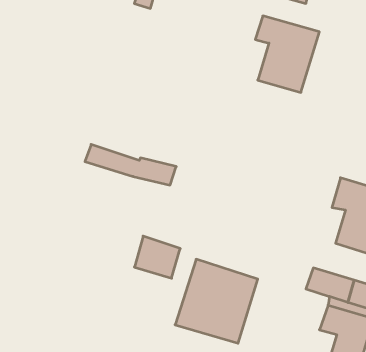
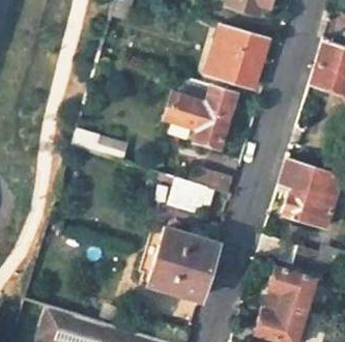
building: none -> [167,85,237,148]
building: [134,236,180,278] -> [170,177,208,212]

